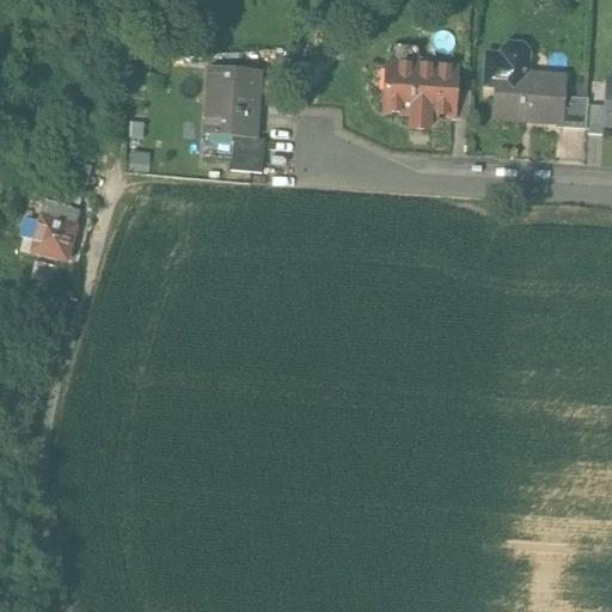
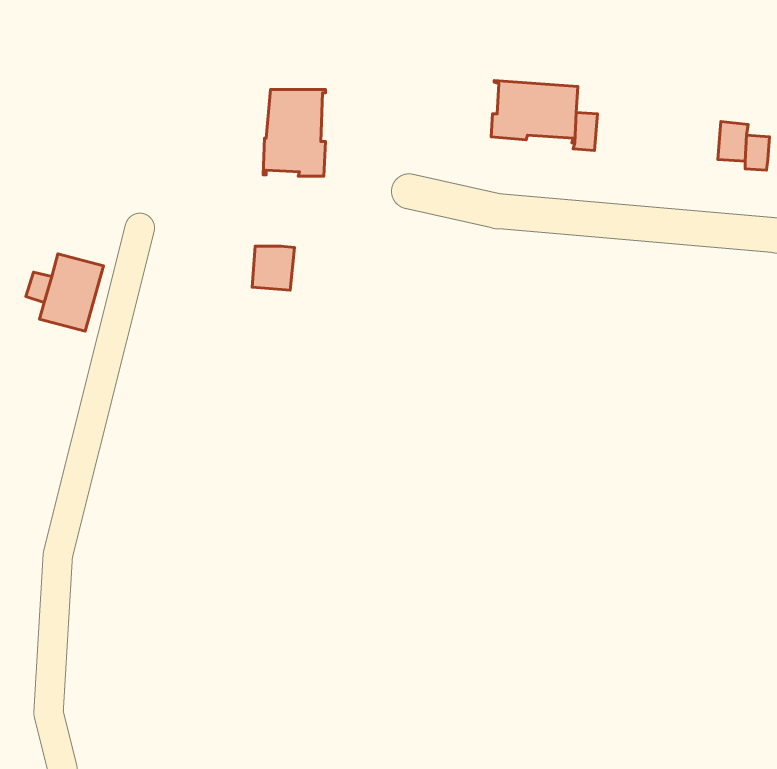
building: [484,42,563,120] -> none
building: [232,139,265,173] -> [252,246,295,290]

